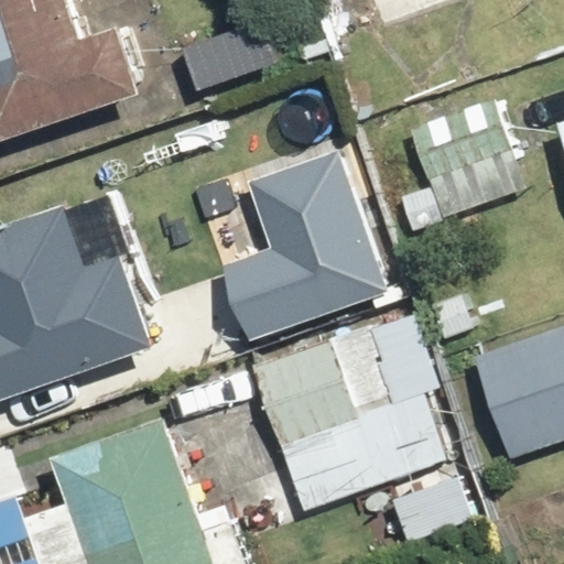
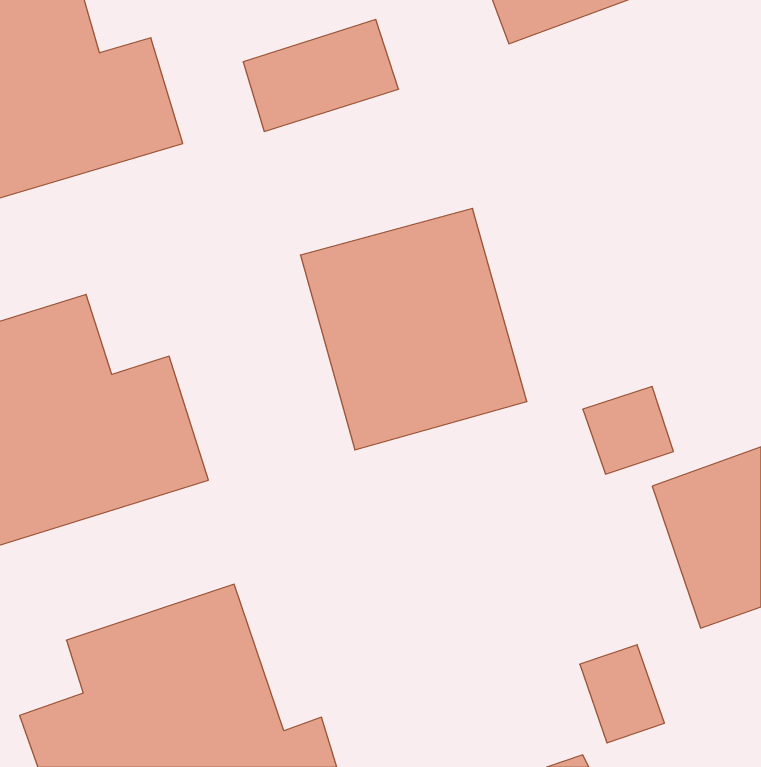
building: [398,99,525,226] -> none
building: [250,330,454,512] -> none

